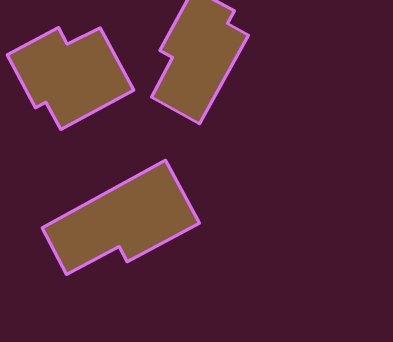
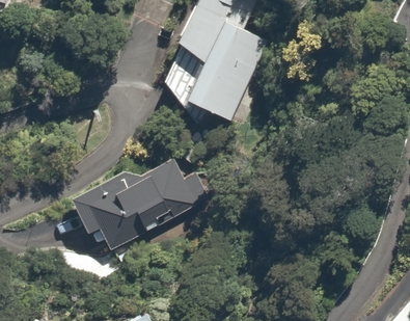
building: [7,28,134,129] -> none

